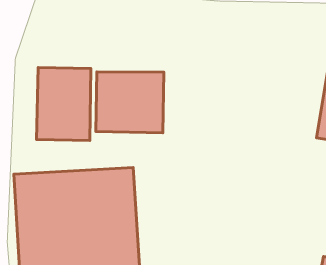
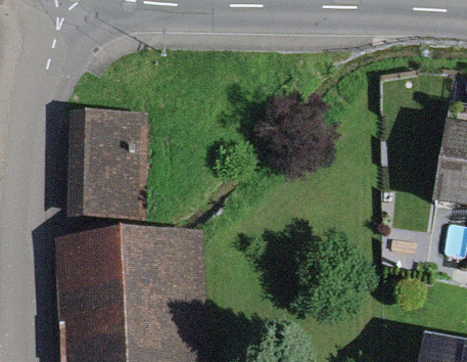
building: [96,72,164,133] -> none

